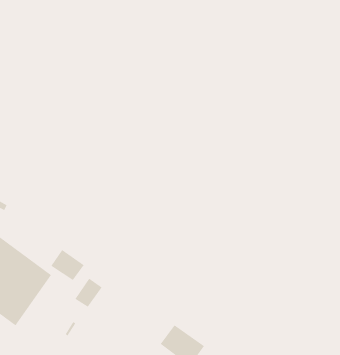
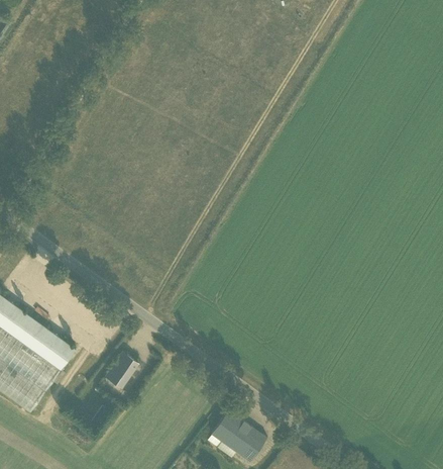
building: [51,249,85,281] -> none

